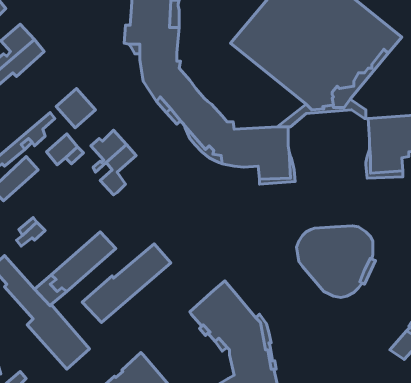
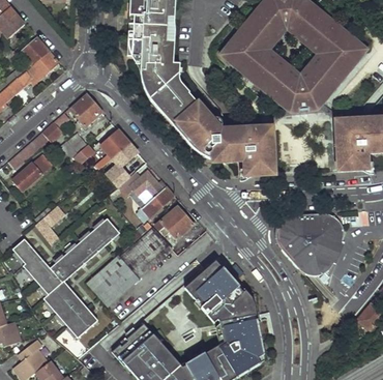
building: none -> [121,169,174,216]
building: none -> [155,206,193,238]

